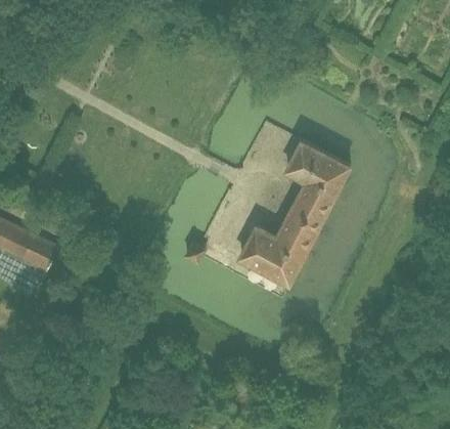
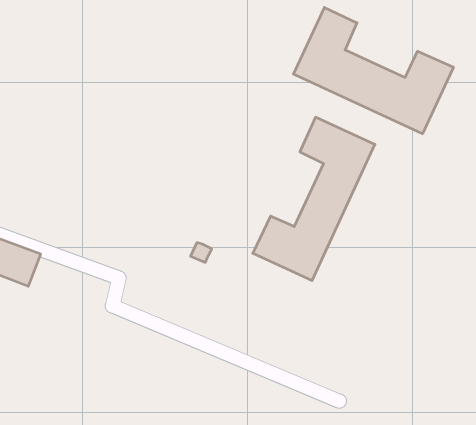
building: none -> [293,7,453,134]

